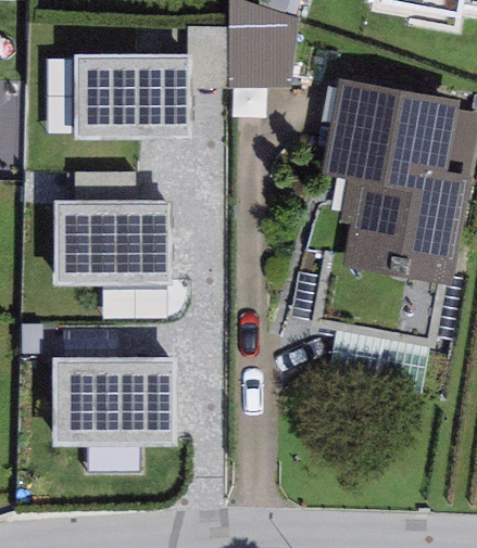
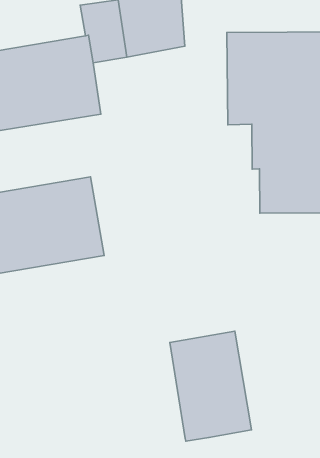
building: [51,357,175,445] -> none
building: none -> [170,331,252,441]

